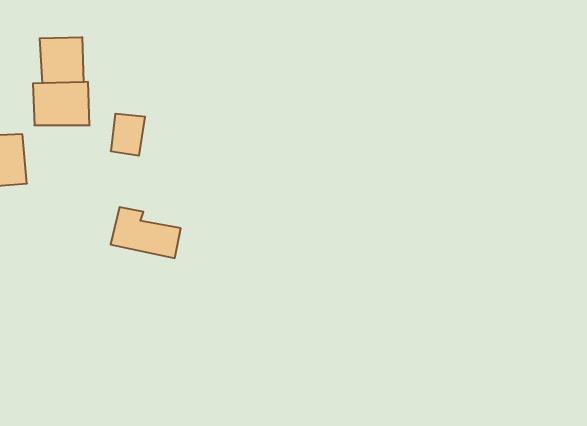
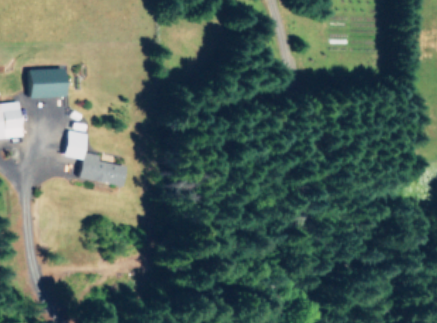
building: [40,37,84,83] -> none
building: [111,114,145,156] -> [64,131,87,159]

